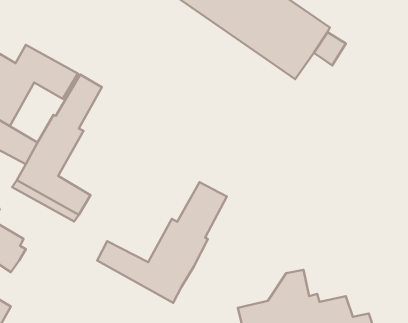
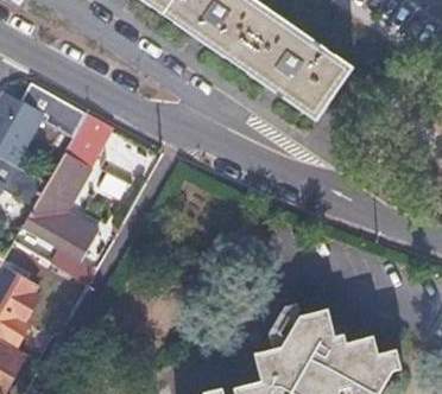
building: [97,182,227,303] -> none

